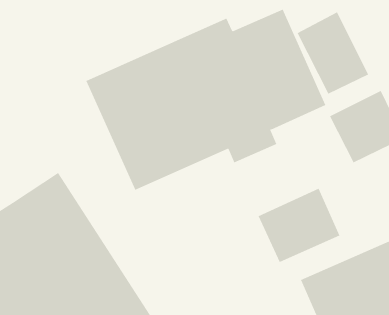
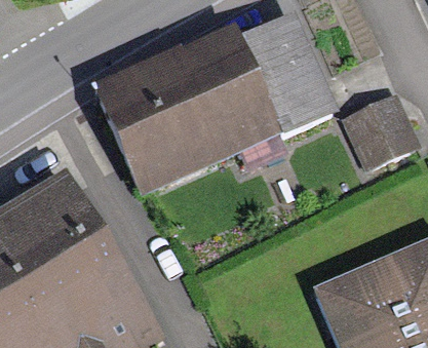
building: [297,11,369,95] -> none
building: [258,188,340,263] -> none

